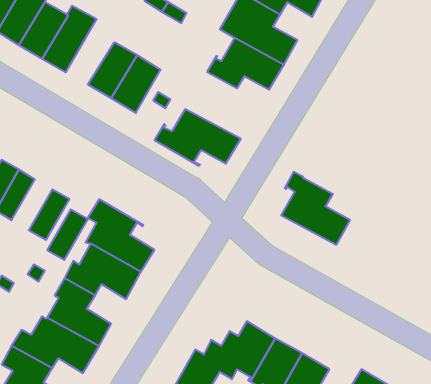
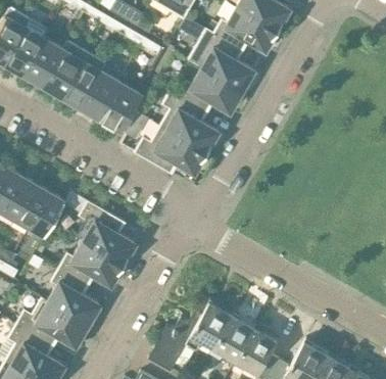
building: none -> [61,54,106,108]
building: [281,172,350,245] -> [160,93,218,153]
building: [47,209,88,260] -> [16,187,50,229]

